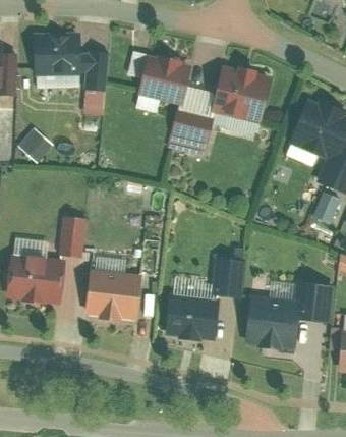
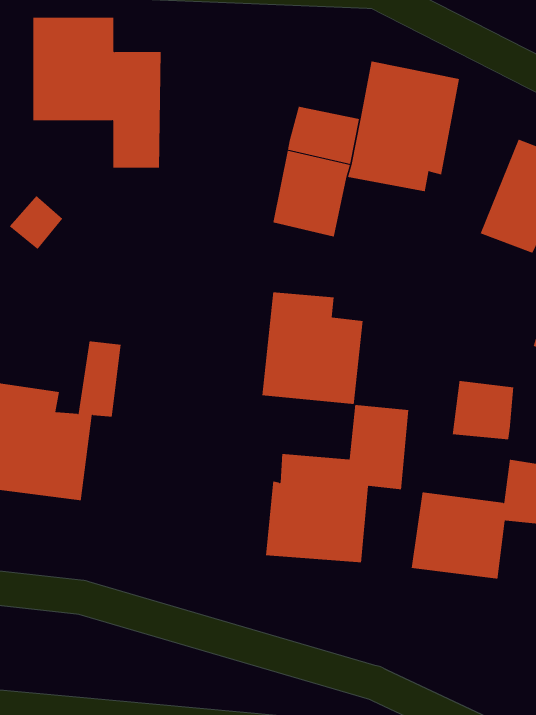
building: [135,54,188,113] -> none
building: none -> [452,380,514,440]
building: [86,256,143,319] -> [262,292,364,404]

